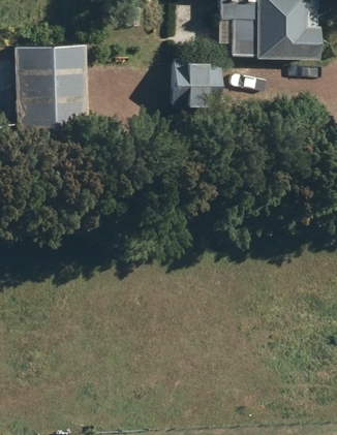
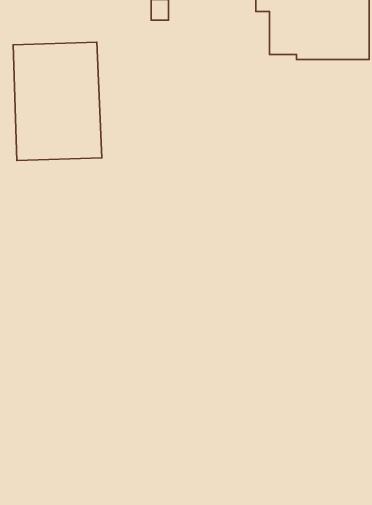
building: [173,60,221,105] -> none

